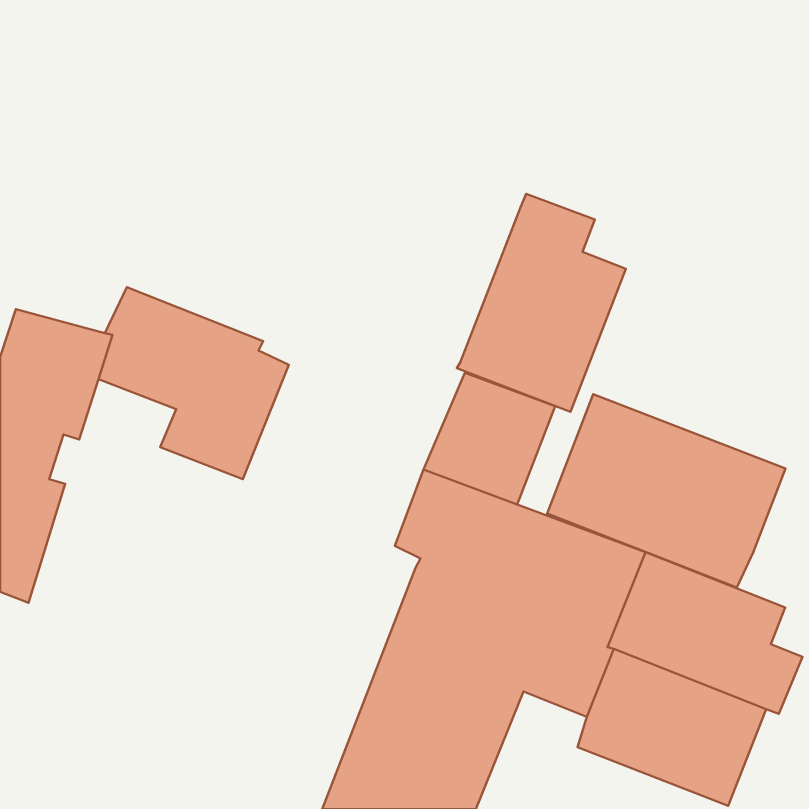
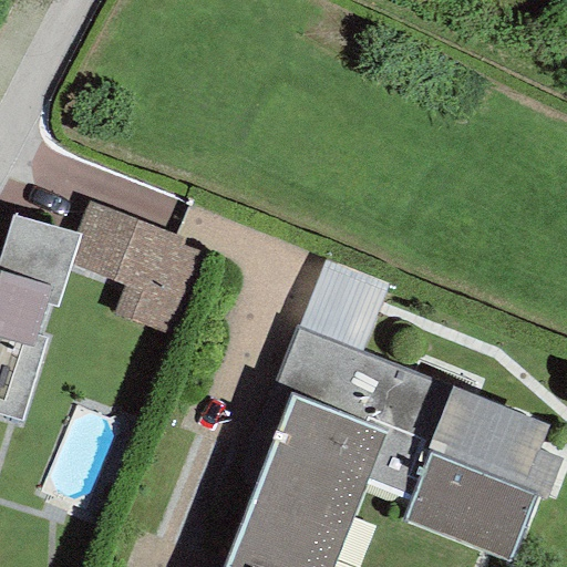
building: [457,194,626,412] -> none
building: [547,394,786,588] -> none

